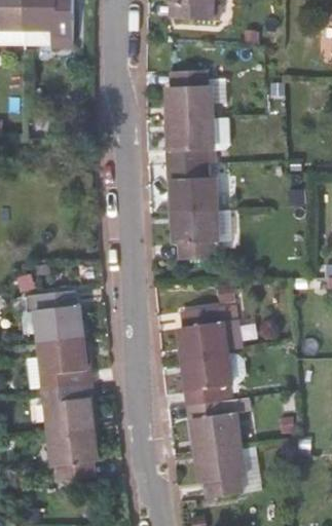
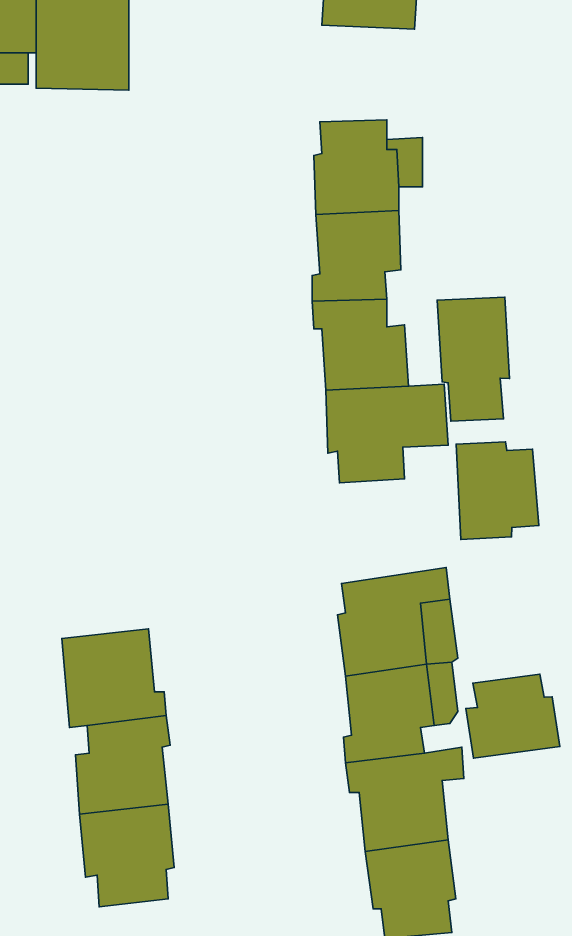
building: none -> [437,297,509,421]
building: none -> [456,442,539,540]
building: [27,287,83,337] -> none
building: none -> [466,674,560,758]

